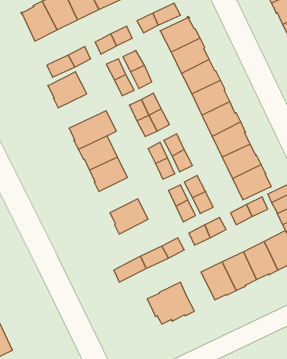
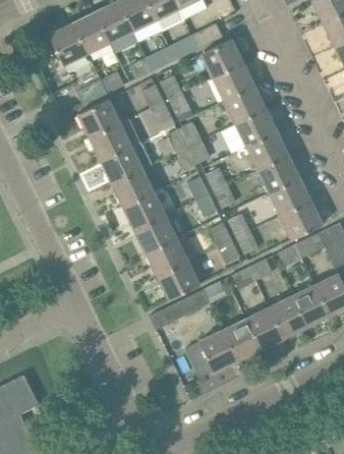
building: none -> [89,118,141,161]
building: none -> [133,215,176,253]
building: none -> [156,261,199,300]
building: none -> [223,319,261,361]

